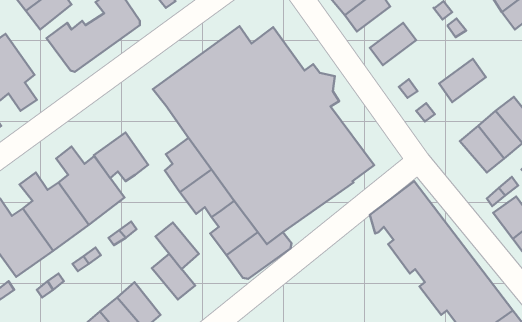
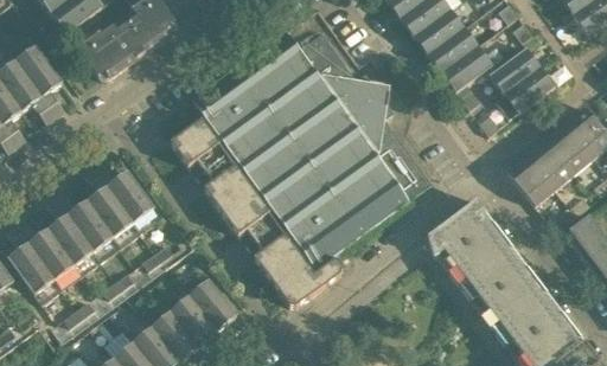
building: none -> [414,8,465,53]
building: none -> [442,45,493,91]
building: none -> [490,46,541,92]
building: [94,132,148,181] -> [171,116,230,169]
building: none -> [507,155,556,206]
building: [156,222,199,269] -> [171,294,218,345]

